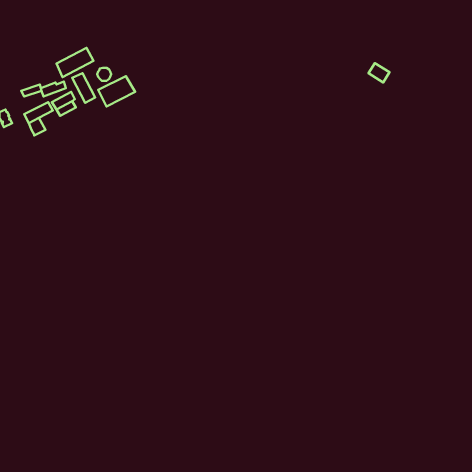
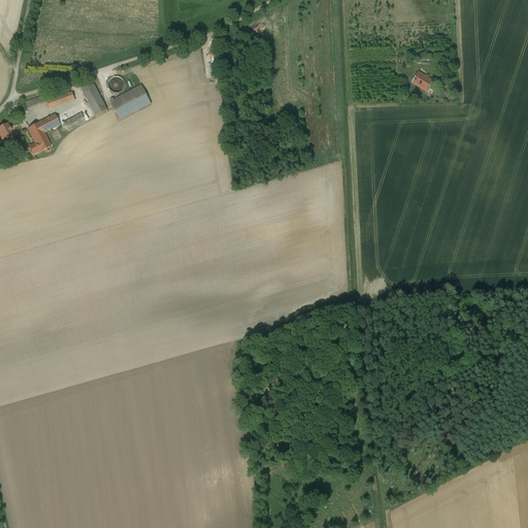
building: [57,48,94,77] -> none

